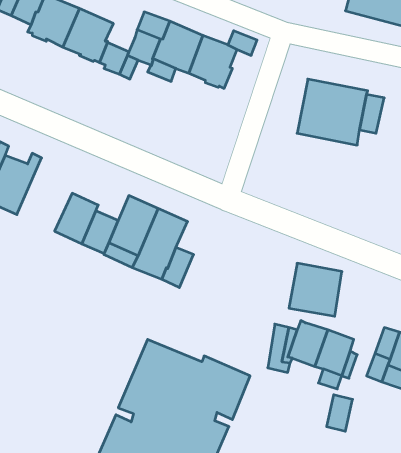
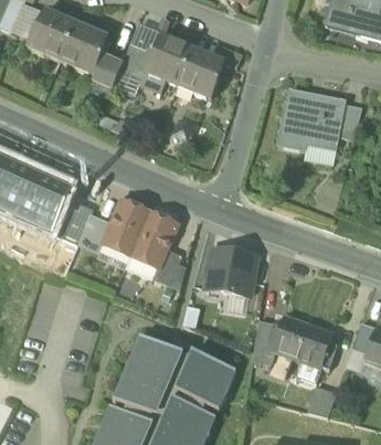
building: none -> [18,163,74,232]
building: [289,263,342,316] -> [207,246,256,296]

